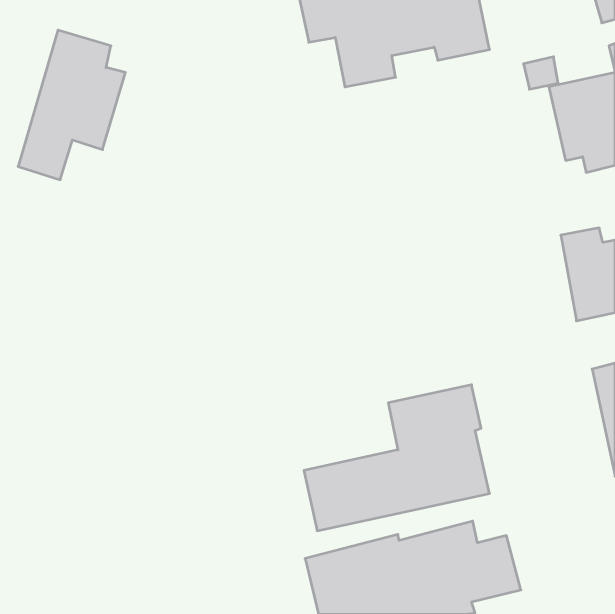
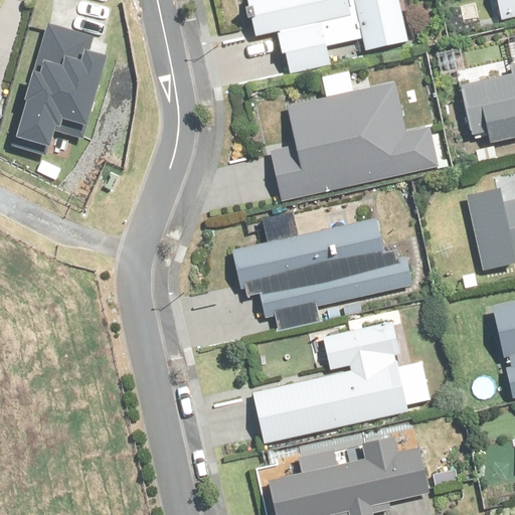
building: none -> [272,82,438,199]
building: none -> [234,217,412,331]

